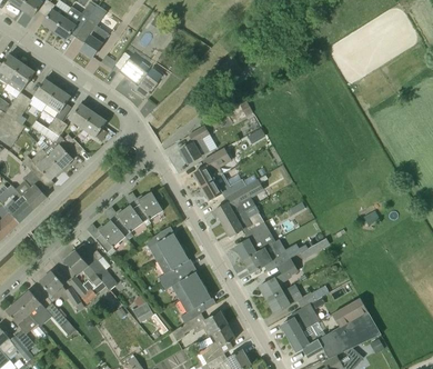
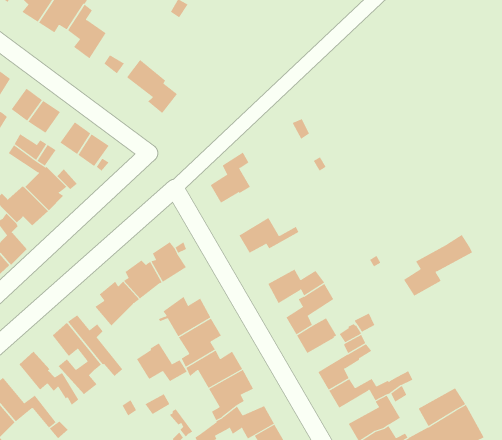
building: [193,154,223,187] -> none
building: [214,177,265,222] -> [403,234,473,296]
building: none -> [136,343,187,382]

